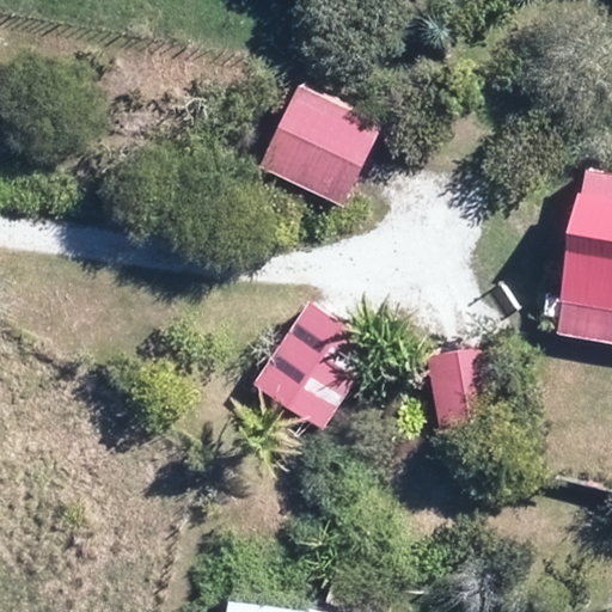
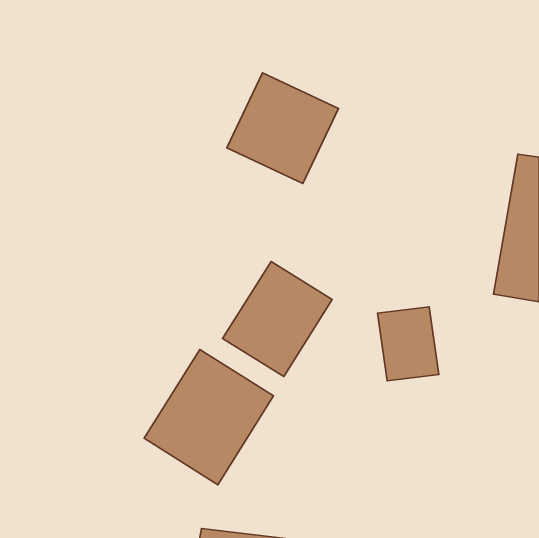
building: none -> [144,349,273,485]

